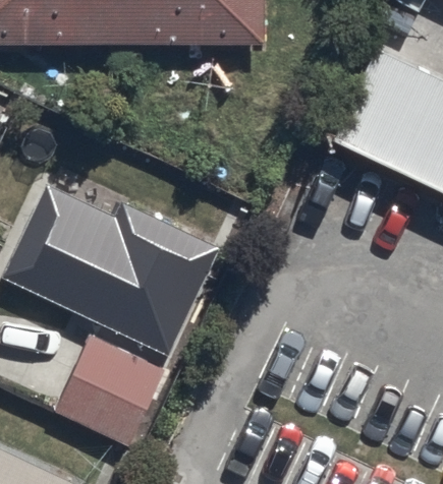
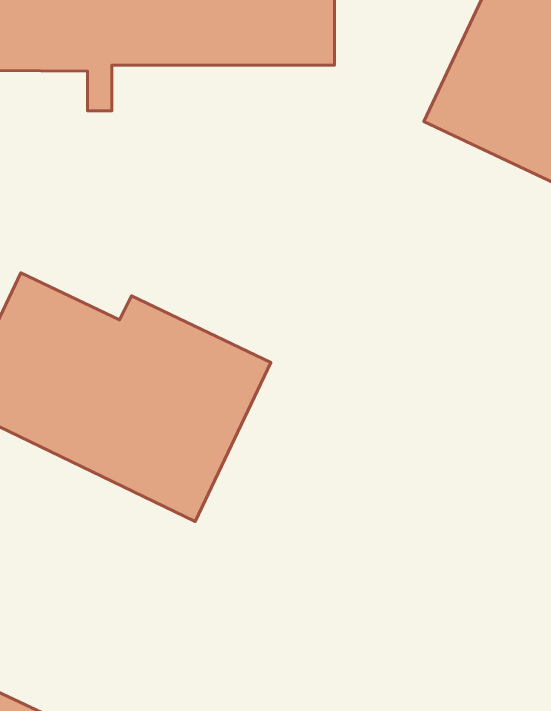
building: [53,337,163,445] -> none

